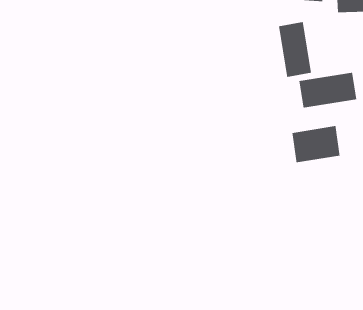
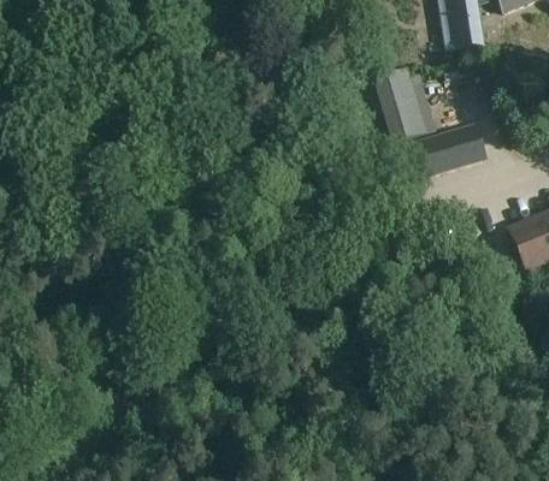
building: [292,125,340,163] -> none

